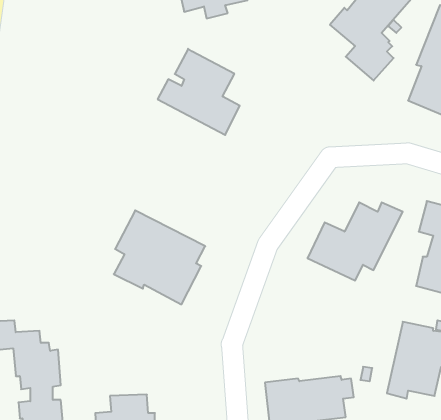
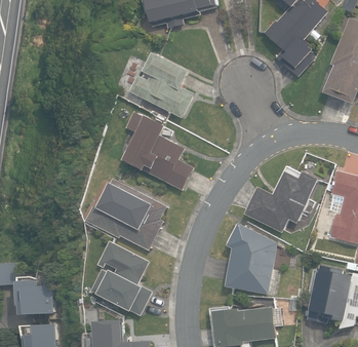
building: none -> [122,112,194,192]
building: none -> [225,223,277,295]
building: none -> [89,240,152,316]

